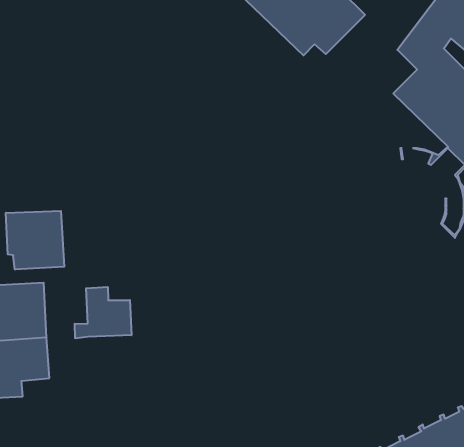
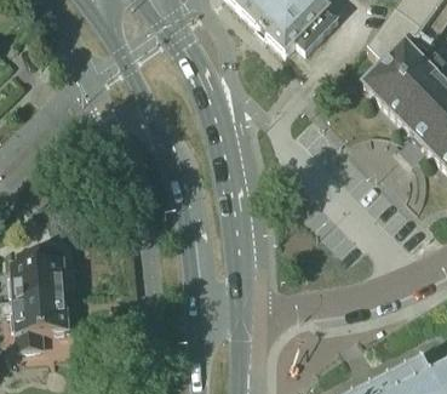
building: [6,211,64,270] -> none
building: [75,287,131,338] -> none

